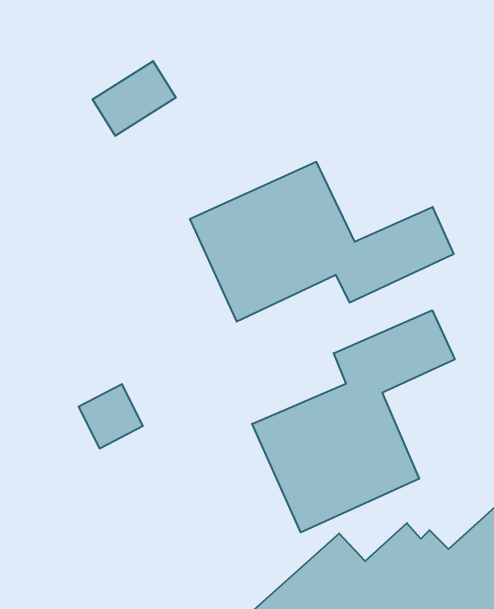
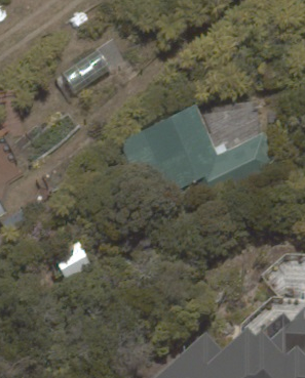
building: [252,310,455,532] -> none

